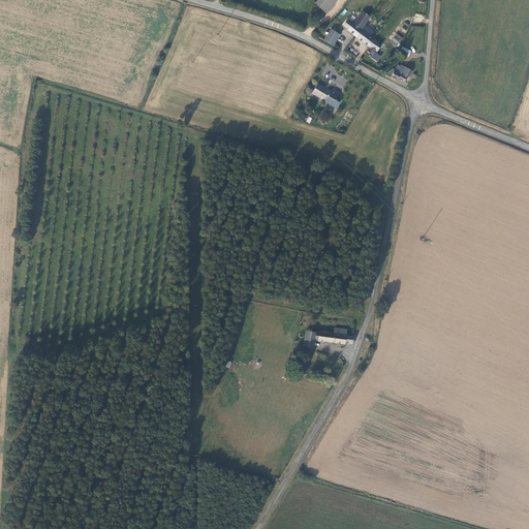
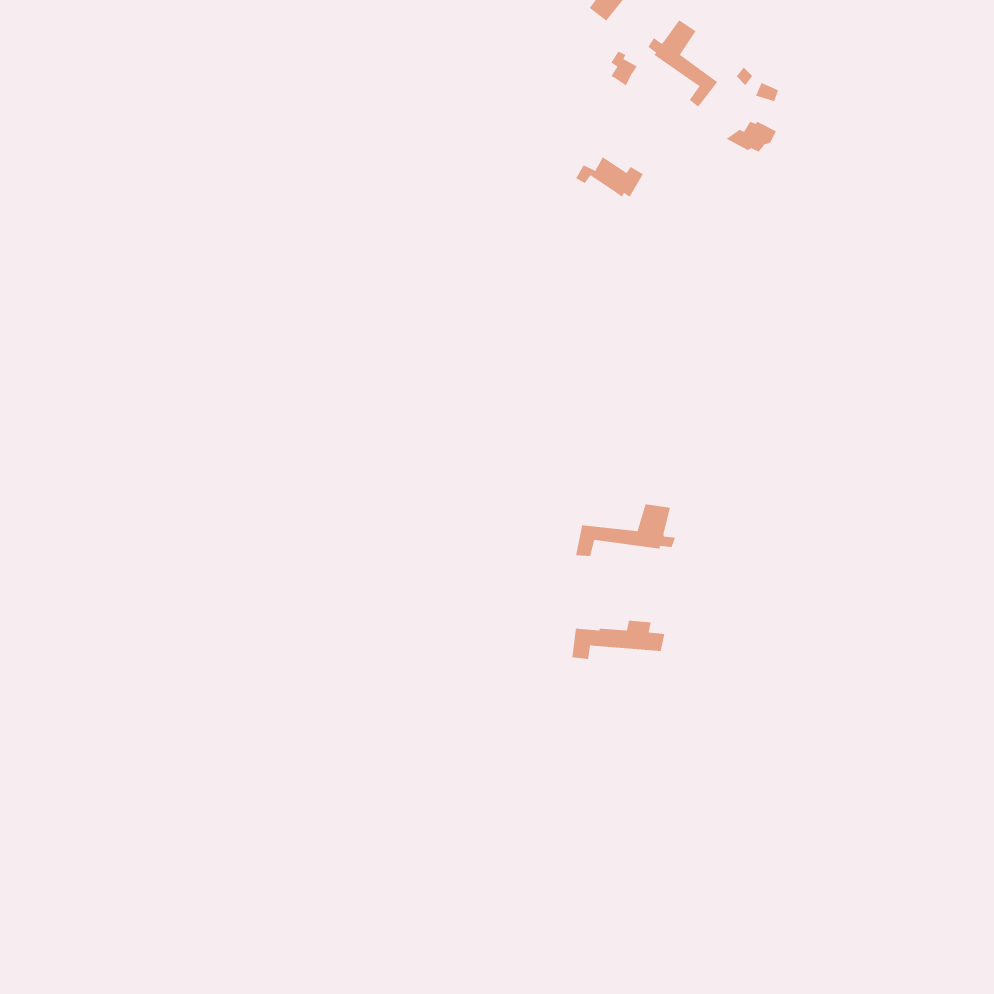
building: none -> [575,503,676,557]

